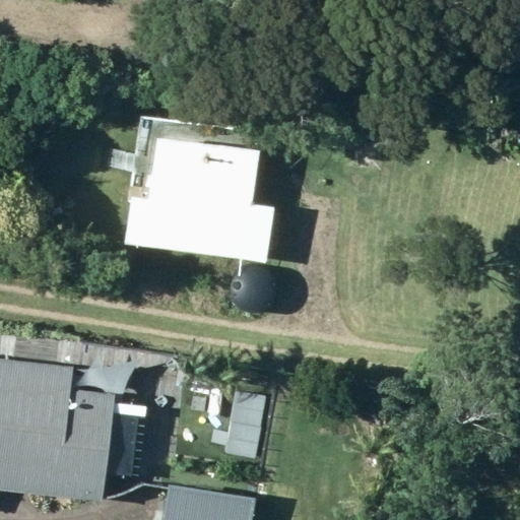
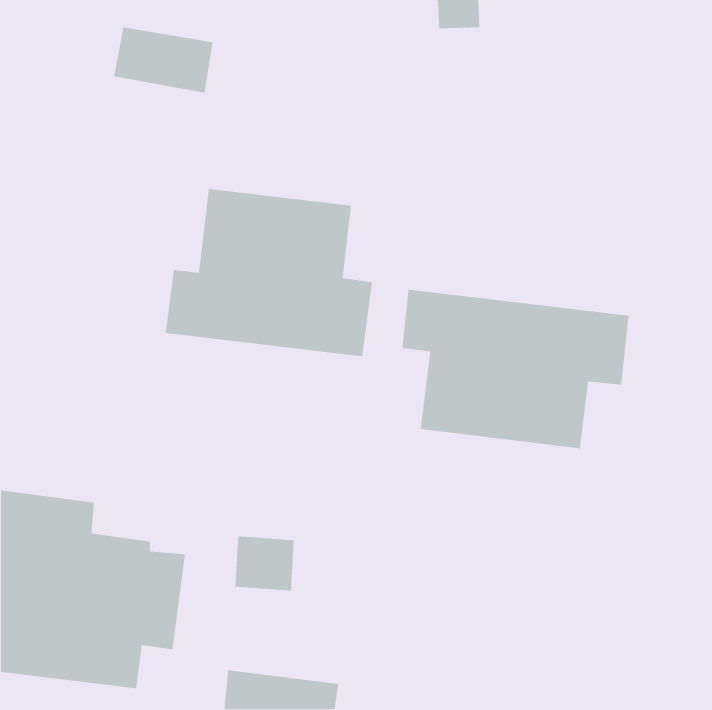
building: none -> [401,289,629,449]

